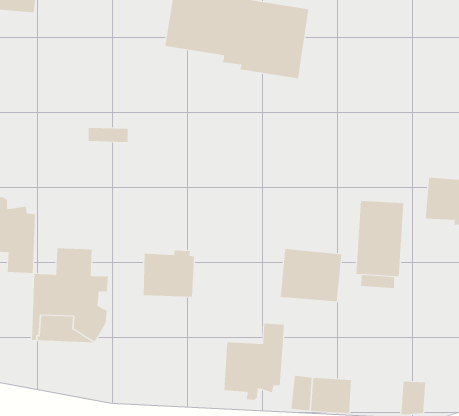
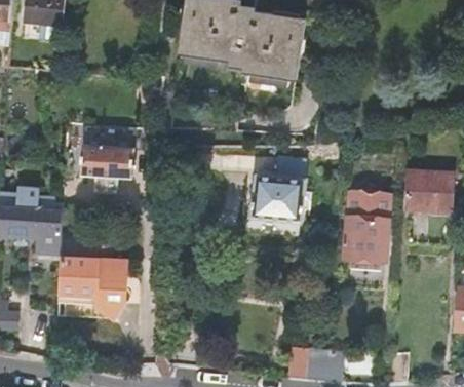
building: none -> [81,144,134,189]
building: [280,248,342,302] -> [252,167,307,215]
building: [143,250,195,297] -> none
building: [224,323,284,401] -> none

